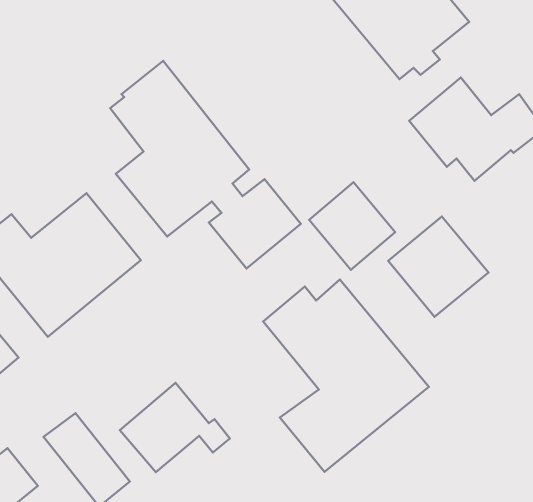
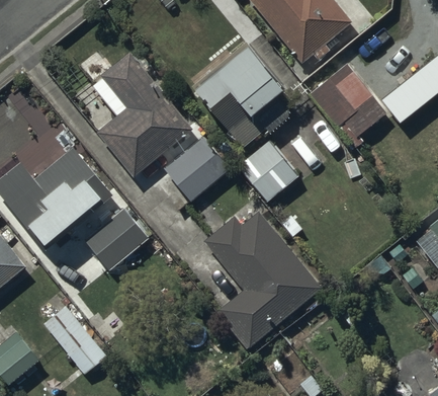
building: none -> [191,47,294,148]
building: [388,217,488,317] -> none
building: [120,383,230,472] -> [84,206,164,270]

